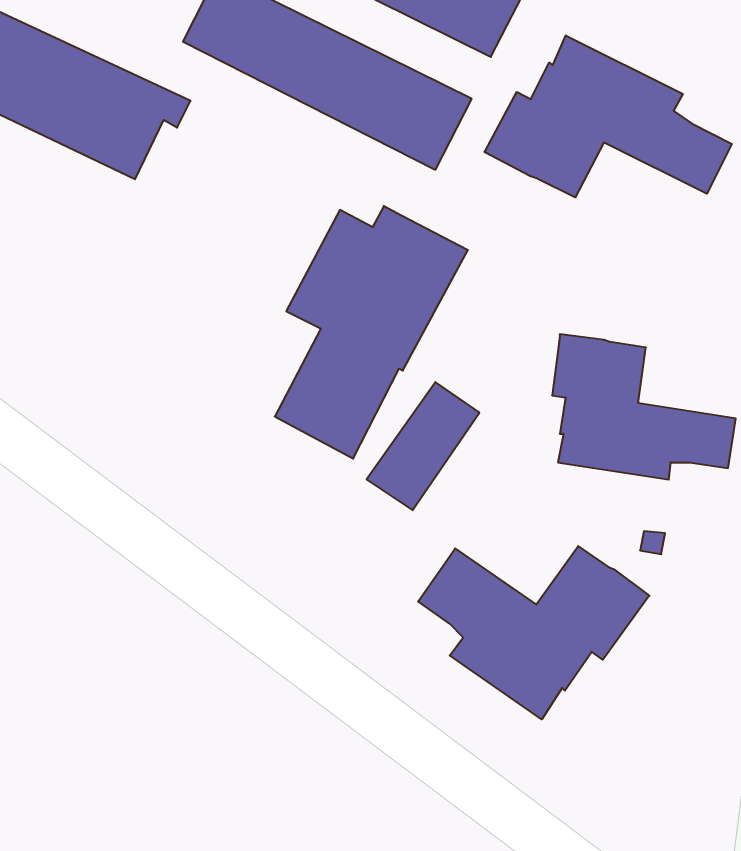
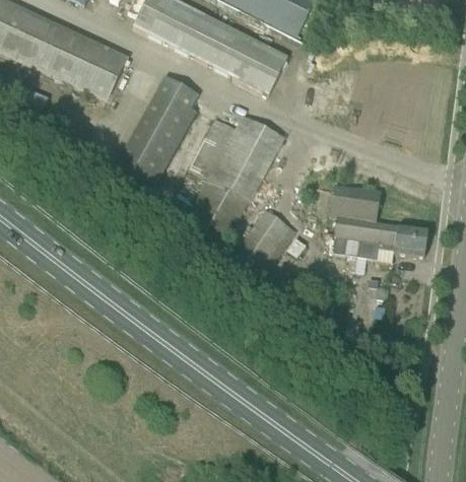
building: [484,35,732,197] -> none
building: none -> [117,78,197,185]
building: [418,546,649,719] -> none

